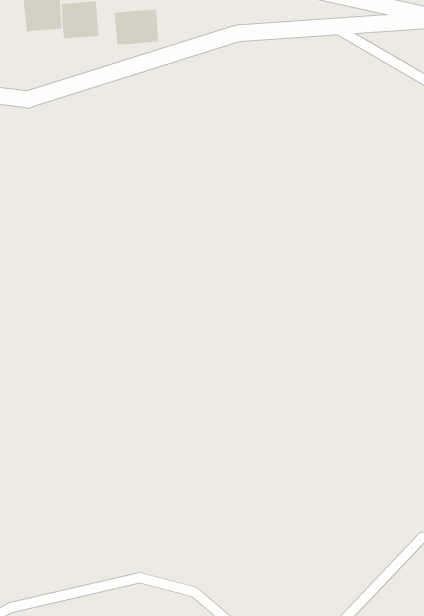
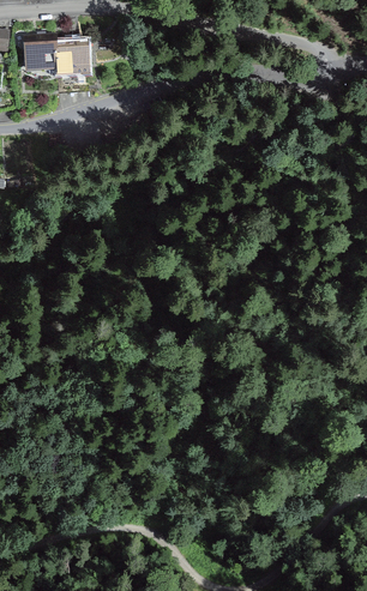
building: [114,9,159,45] -> none

